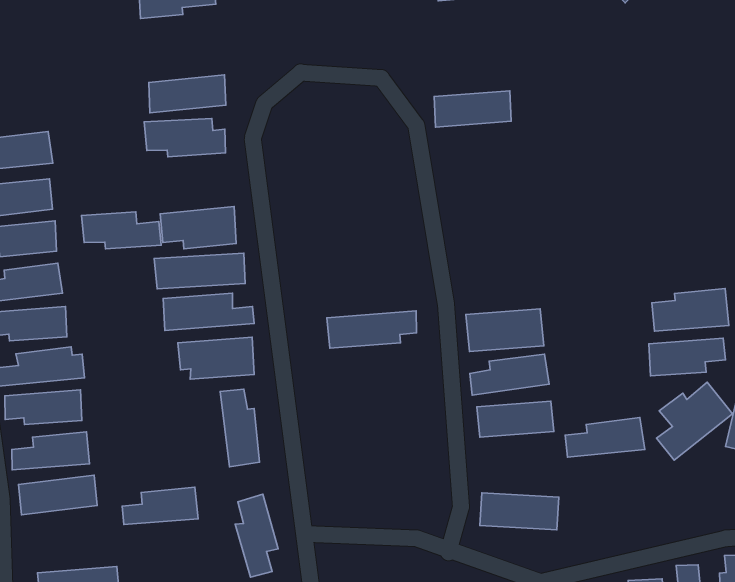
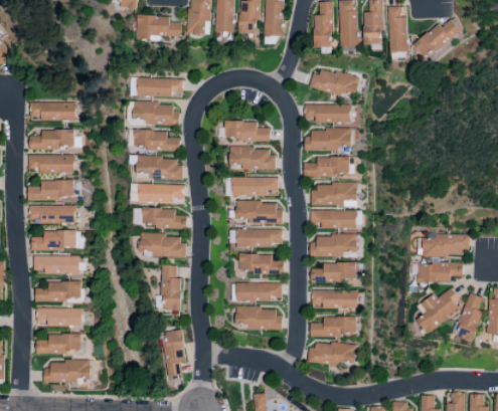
building: none -> [311,66,358,97]
building: none -> [306,129,351,151]
building: none -> [224,121,271,141]
building: none -> [228,147,274,170]
building: none -> [304,157,349,176]
building: [82,212,161,249] -> [134,130,179,152]
building: none -> [311,184,357,206]
building: none -> [231,177,278,196]
building: none -> [234,200,283,223]
building: none -> [310,210,356,228]
building: none -> [239,253,279,272]
building: none -> [235,282,282,301]
building: [565,418,645,457] -> [310,317,356,336]
building: none -> [235,306,280,330]
building: [122,487,198,525] -> [36,334,80,353]

